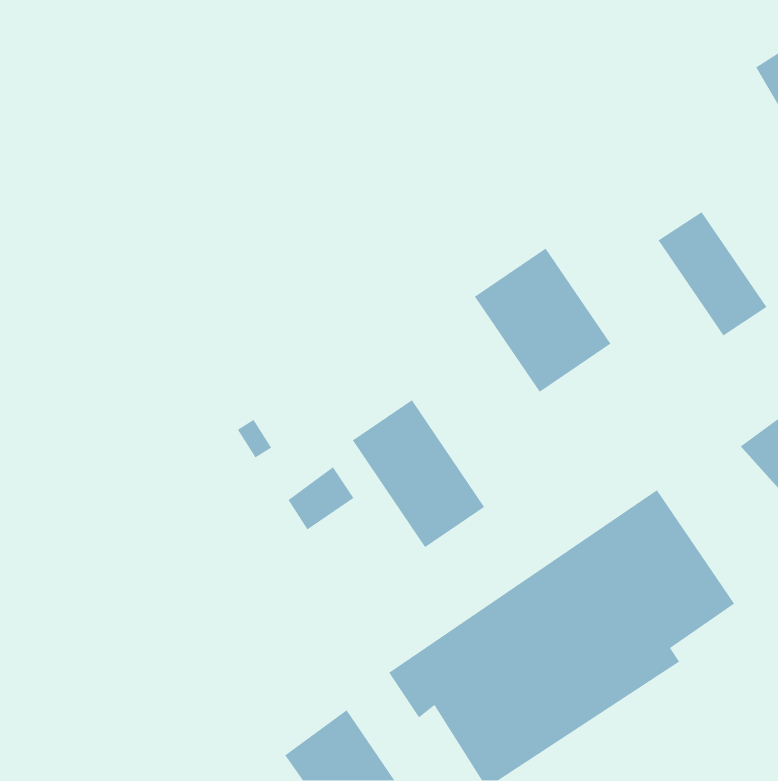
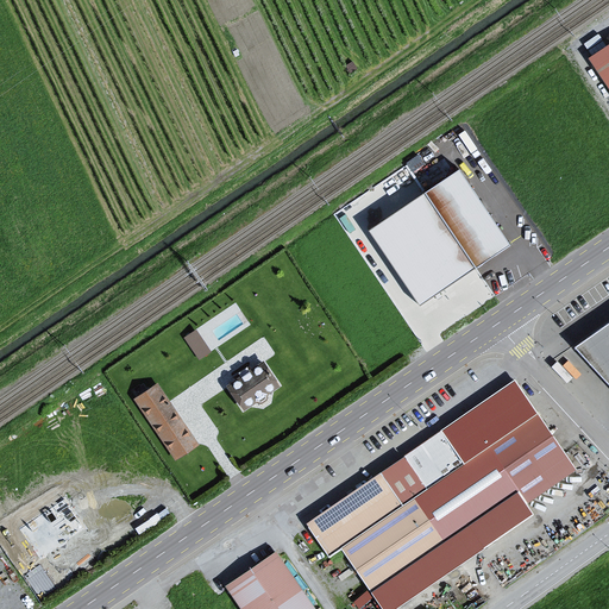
building: [657,211,767,336] -> [427,170,513,268]
building: [352,399,485,548] -> none
building: none -> [132,385,196,460]

